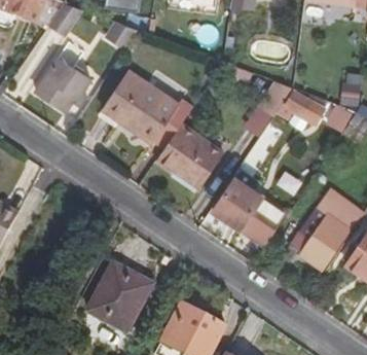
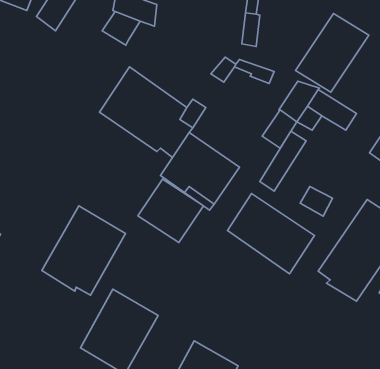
building: none -> [296,13,369,92]
building: [35,58,90,111] -> none
building: none -> [138,179,204,242]
building: none -> [42,206,125,295]

